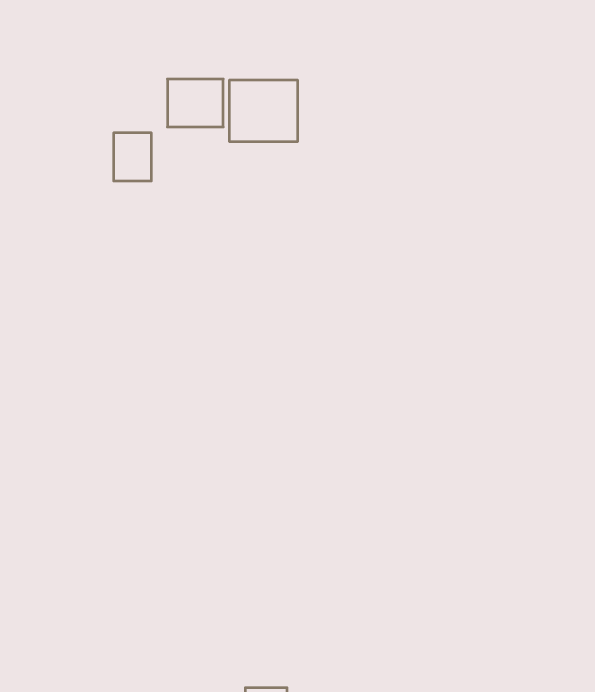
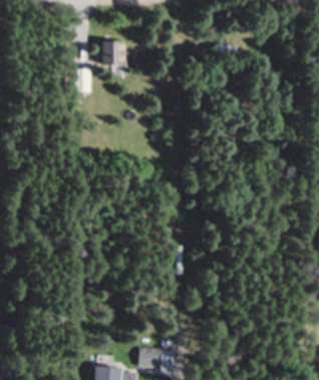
building: [230,80,297,142] -> none

